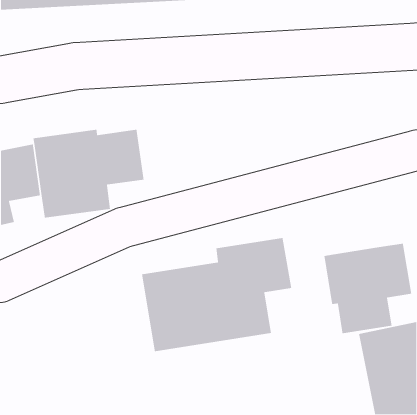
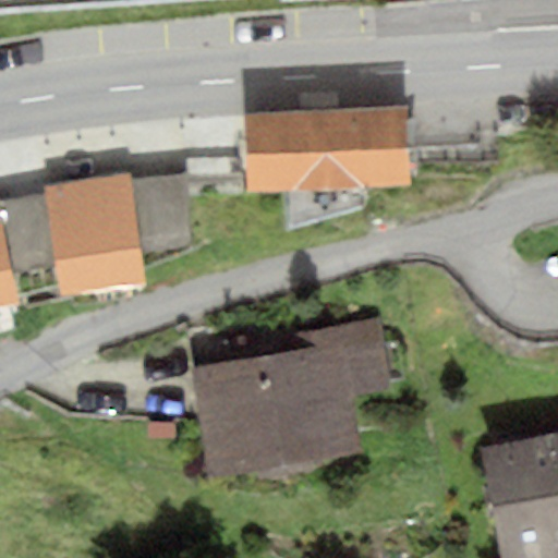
building: none -> [243,105,409,226]
building: [324,243,412,334] -> none

